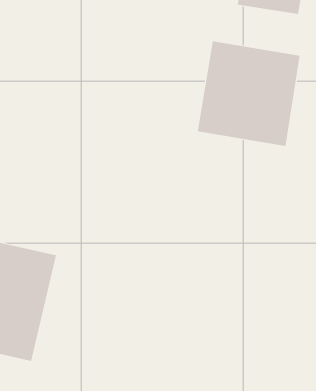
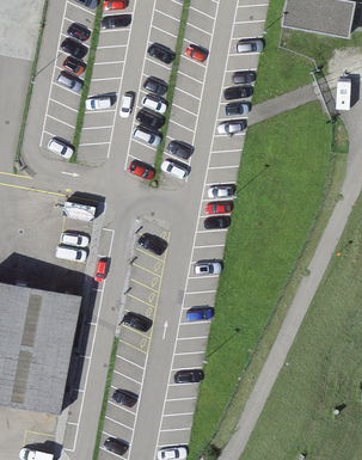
building: [197,41,300,147] -> none

